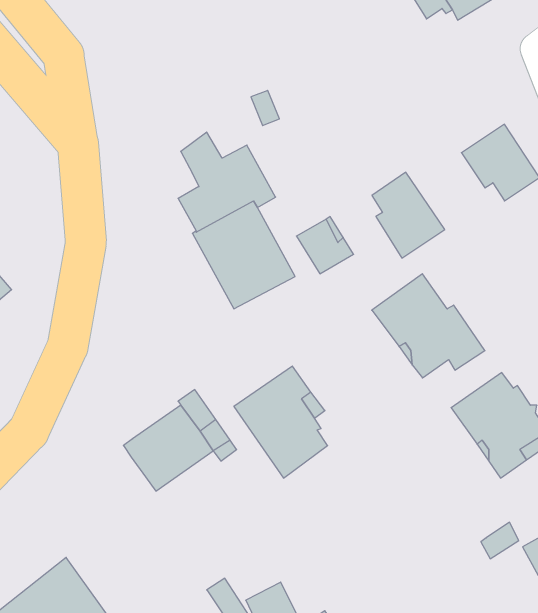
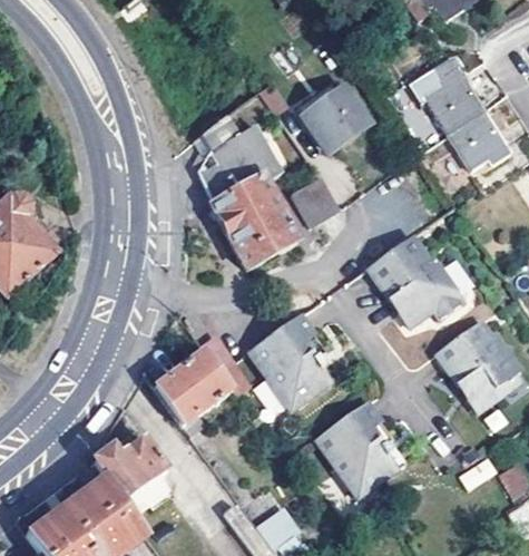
building: none -> [305,87,364,146]
building: [372,172,445,258] -> [418,60,480,134]
building: none -> [313,402,394,497]
building: none -> [97,437,167,497]

